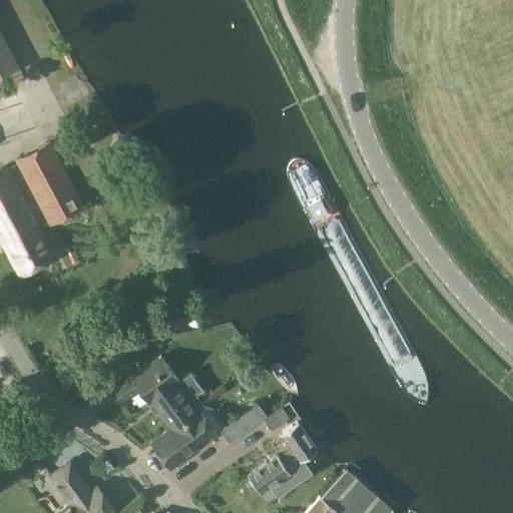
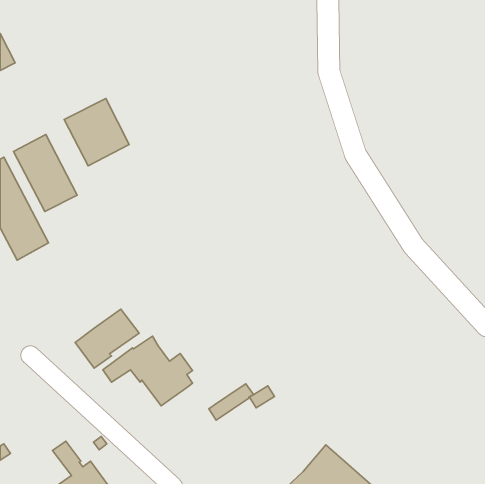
building: none -> [64,98,129,166]
building: [151,410,218,472] -> [75,309,139,368]
building: [248,424,317,496] -> none

